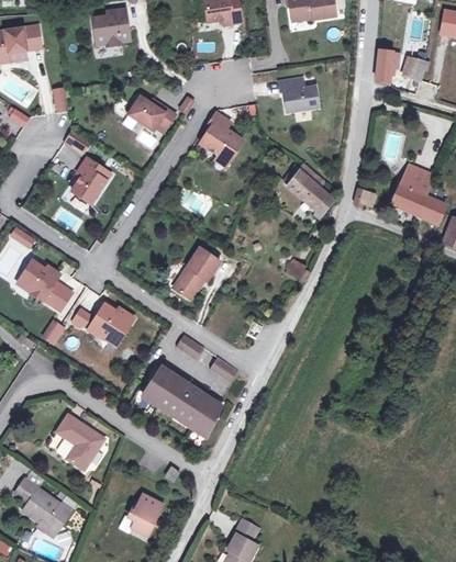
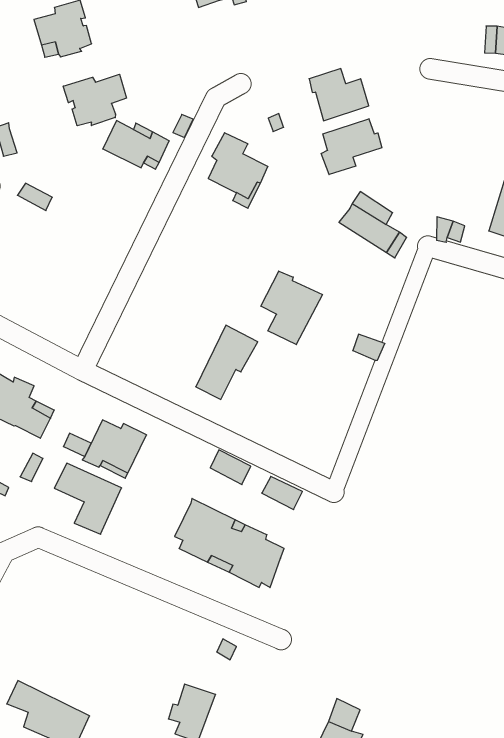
building: [375,49,396,82] -> none
building: none -> [63,74,127,126]
building: none -> [321,119,382,175]
building: [71,157,111,203] -> none
building: none -> [261,271,322,345]
building: [55,415,102,468] -> [54,463,122,534]

